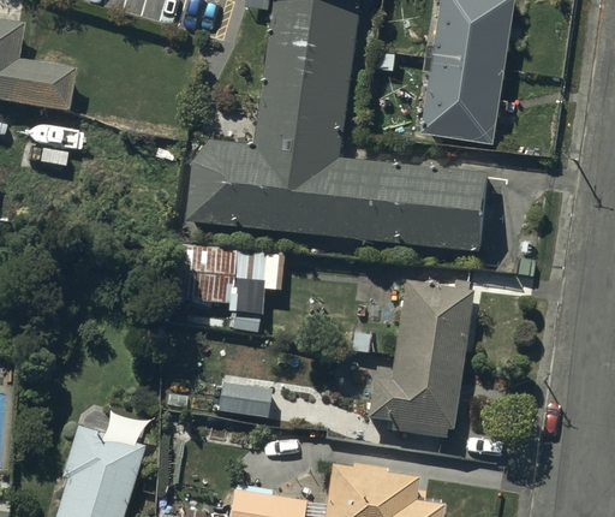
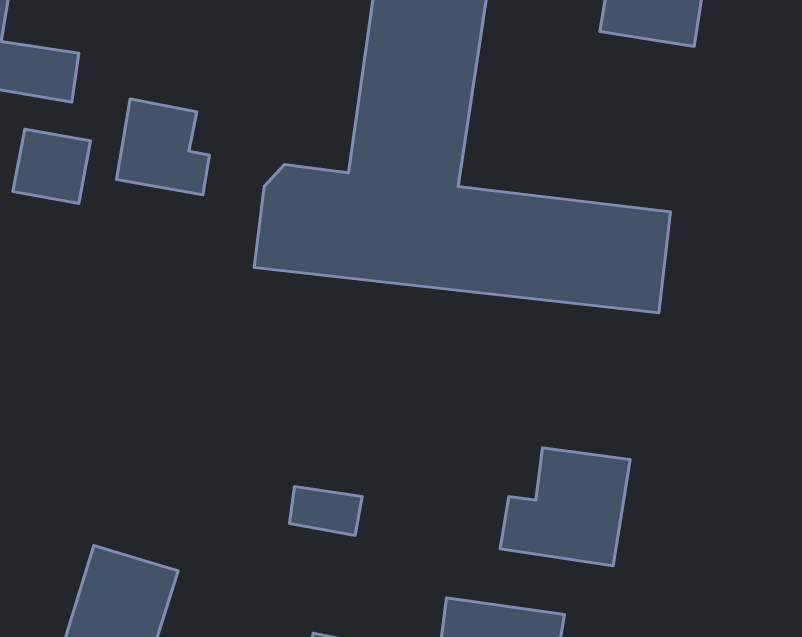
building: [428,57,506,138] -> none
building: none -> [116,99,209,195]
building: [173,246,283,305] -> none
building: [398,286,471,362] -> none

